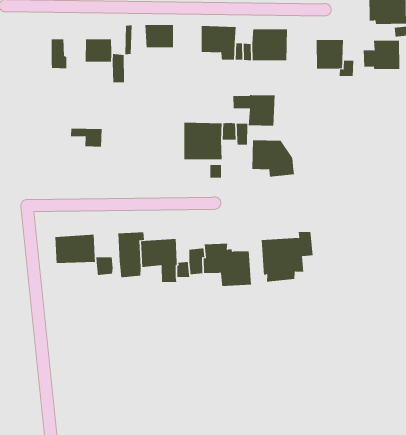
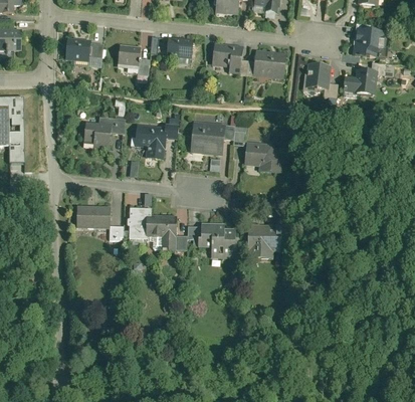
building: none -> [64,37,90,60]
building: [233,94,275,127] -> none
building: none -> [135,122,179,160]
building: none -> [83,123,111,149]

